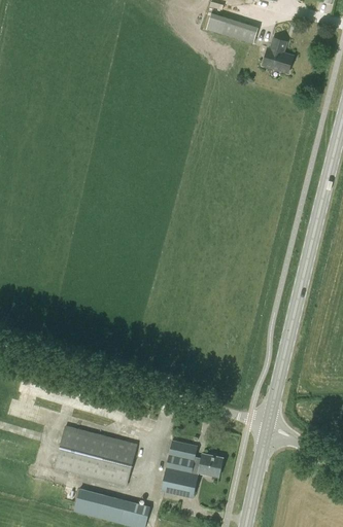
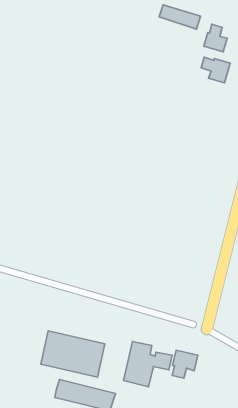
building: none -> [201,57,230,83]
building: none -> [172,350,198,378]

